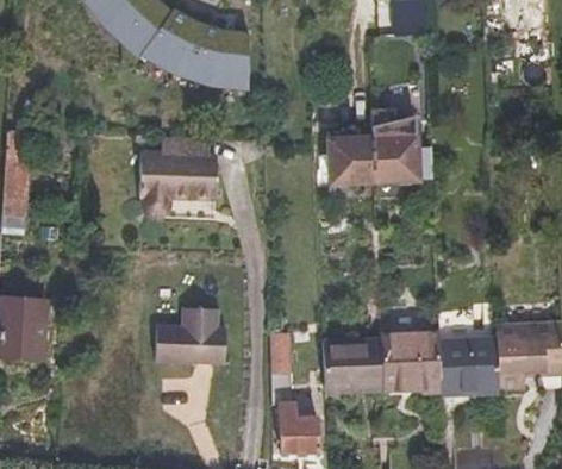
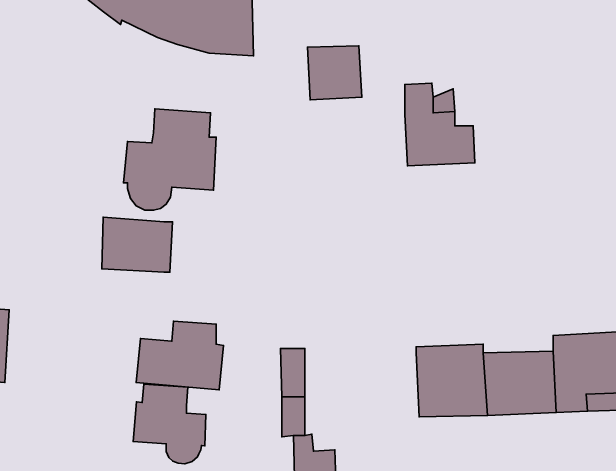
building: [332,138,377,183] -> [307,46,362,100]
building: none -> [102,217,172,272]
building: [325,337,387,393] -> none
building: none -> [133,384,206,464]

